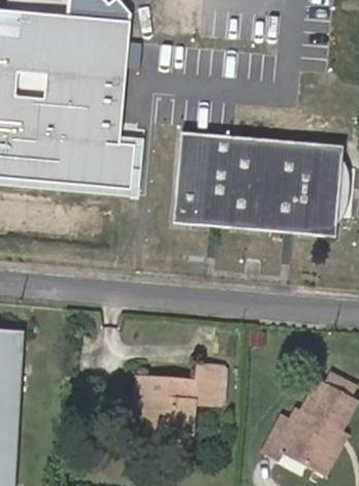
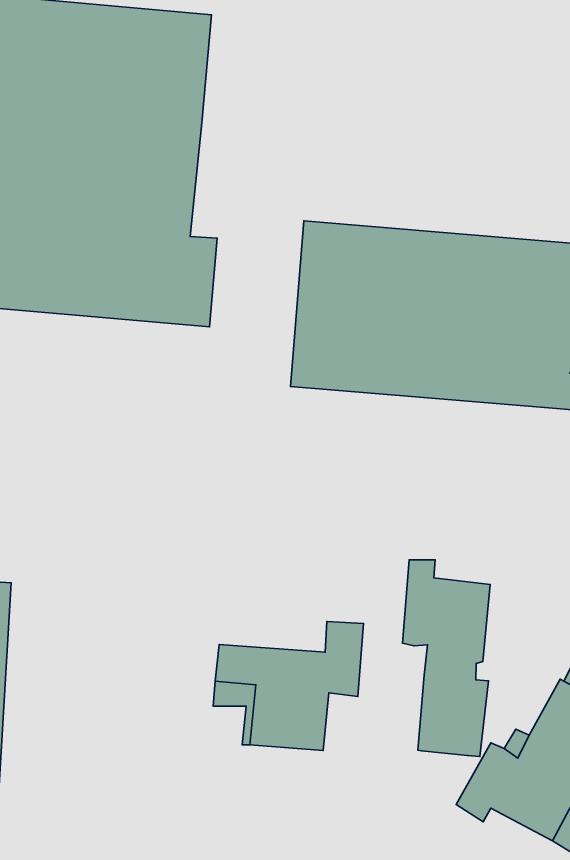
building: none -> [402,560,490,756]

